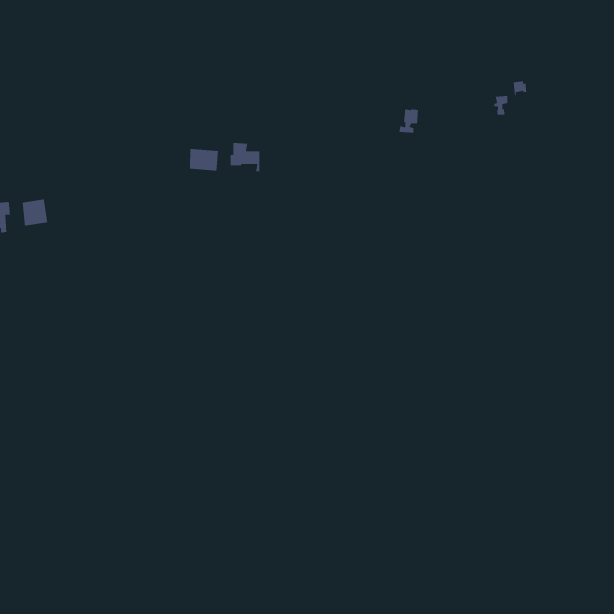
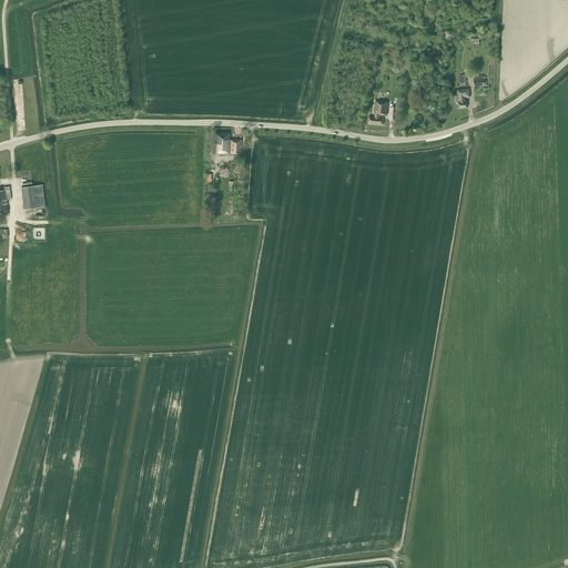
building: [189,148,219,171] -> none

